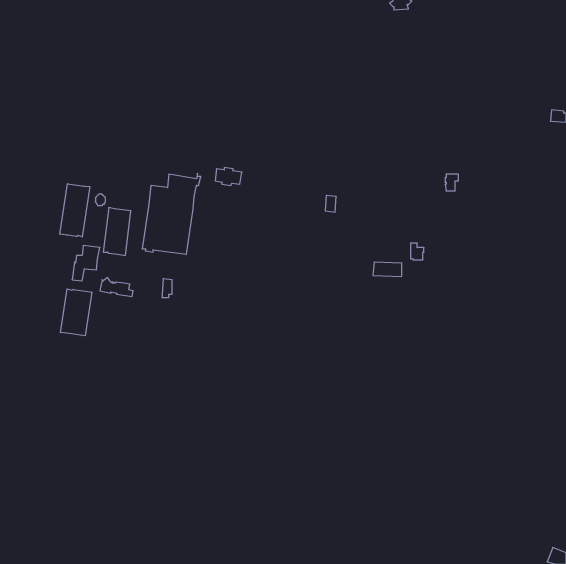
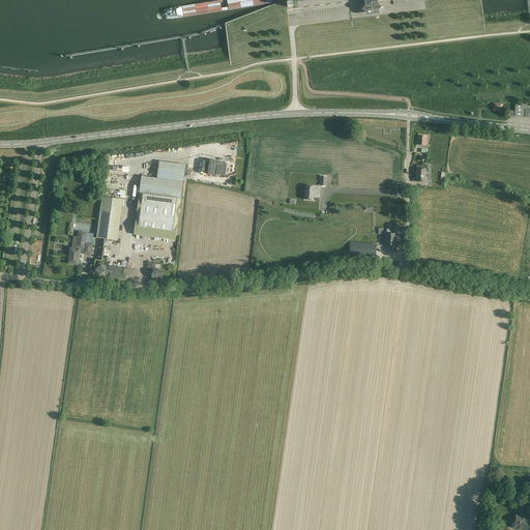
building: [60,184,90,237] -> none
building: [61,289,92,336] -> none

